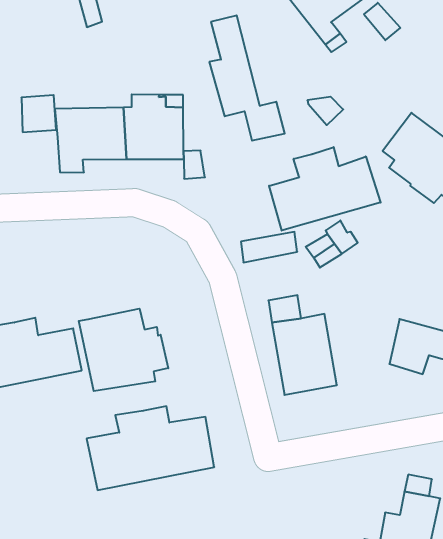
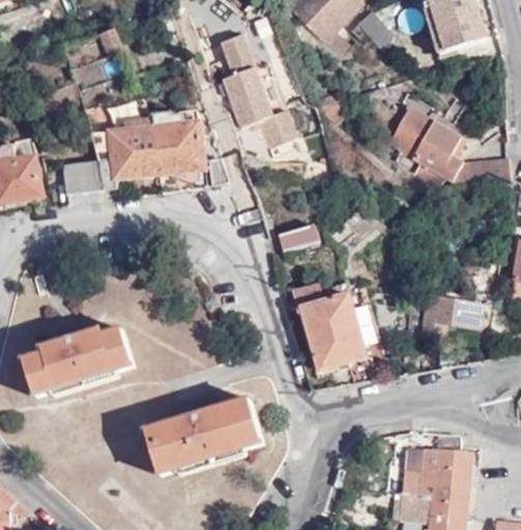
building: [21,95,56,132] -> [62,158,96,195]
building: [269,147,381,231] -> none
building: [79,309,168,391] -> none

